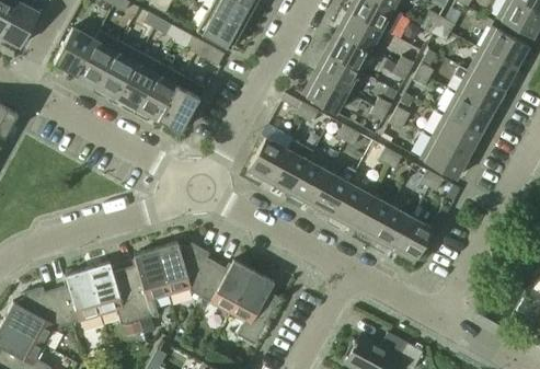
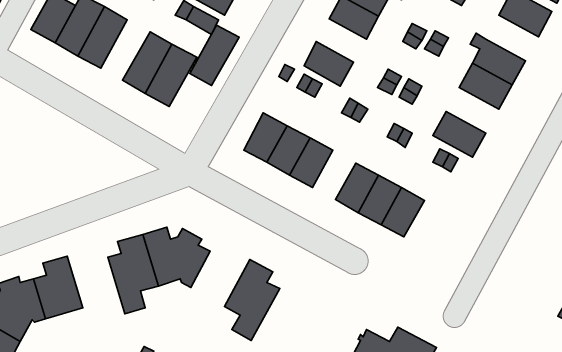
building: [468,49,516,91] -> none
building: [313,53,359,92] -> none
building: [117,54,162,108] -> [190,25,239,85]
building: [432,115,480,157] -> none
building: [310,168,355,217] -> none
building: [393,218,433,263] -> none
building: [199,261,253,314] -> none
building: [87,263,139,326] -> none

